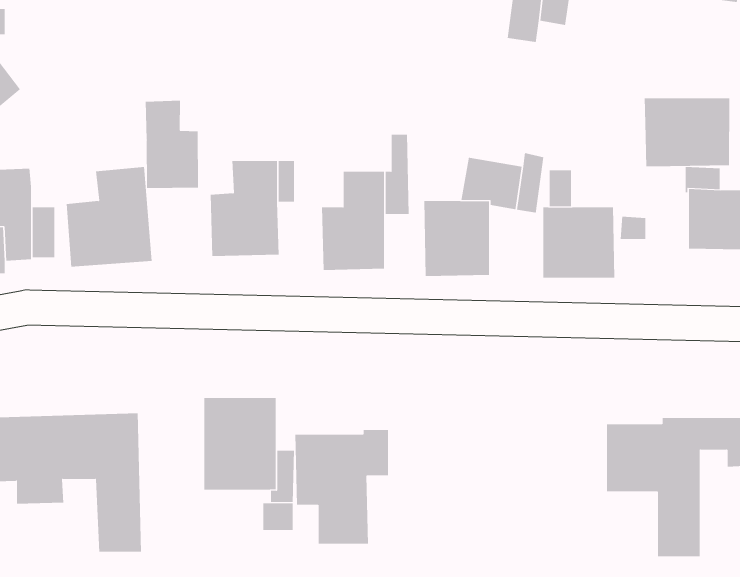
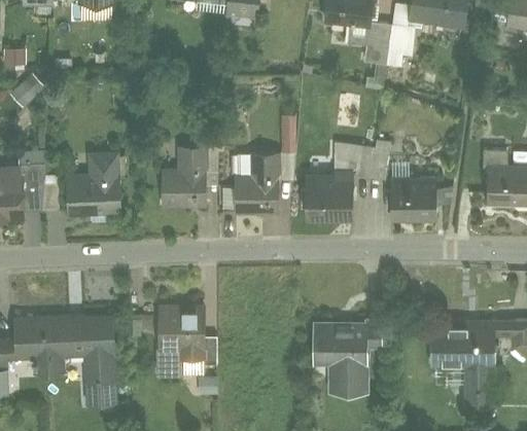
building: [644,98,730,167] -> none
building: [145,100,199,189] -> none
building: [295,429,389,544] -> [314,318,377,394]

